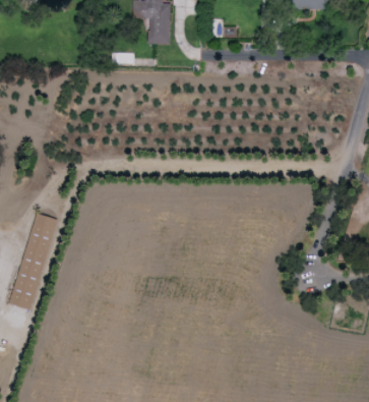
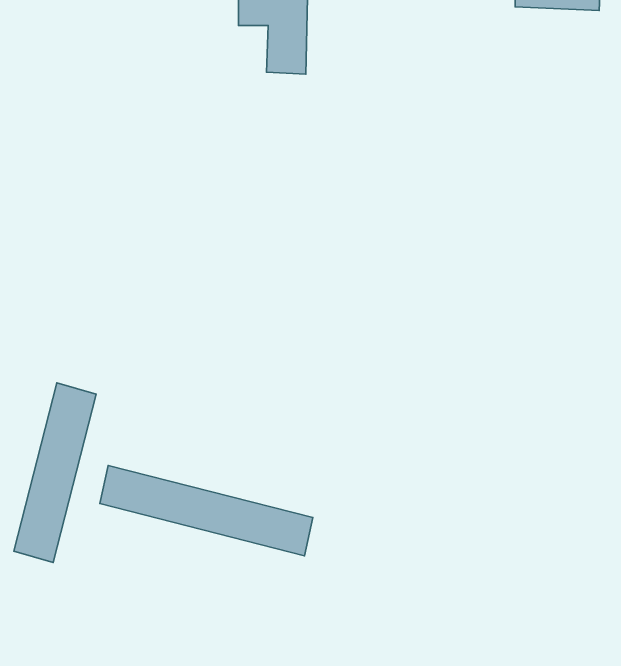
building: none -> [100,465,313,556]

